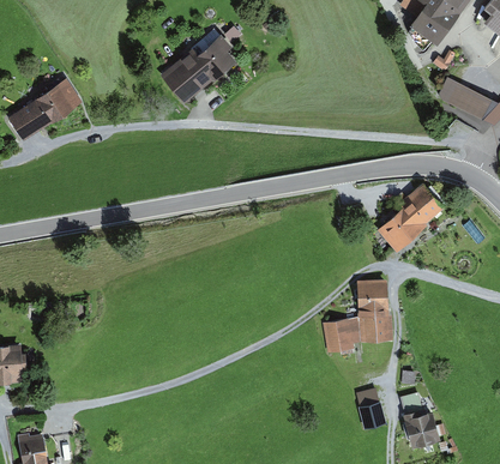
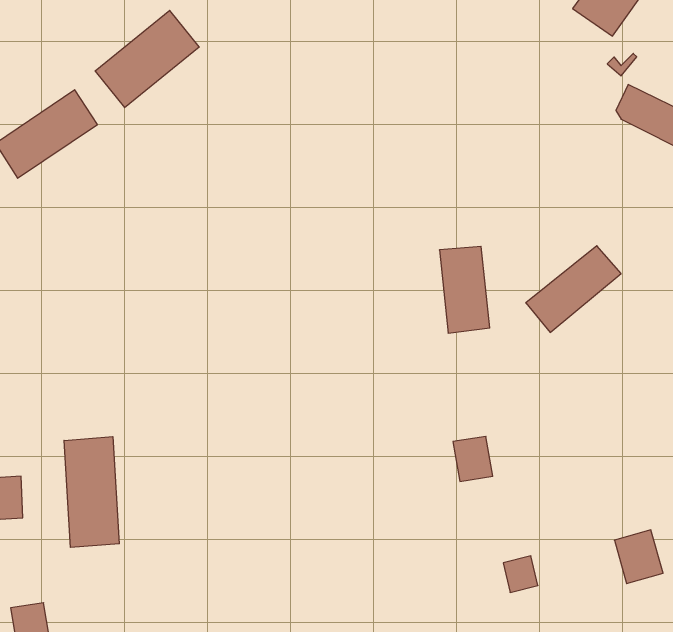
building: [167,35,239,102] -> [95,10,199,108]
building: [354,283,388,343] -> [439,246,490,333]
building: none -> [64,437,119,547]
building: [403,409,436,446] -> [614,530,663,584]

